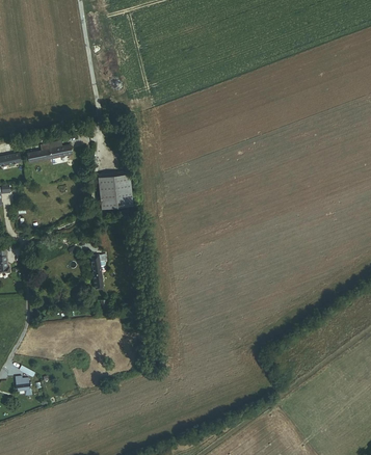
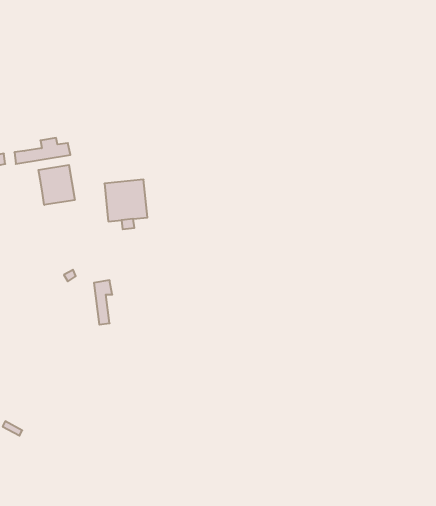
building: none -> [38,165,75,205]

